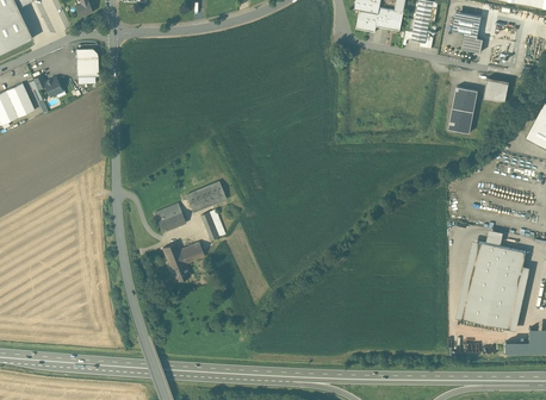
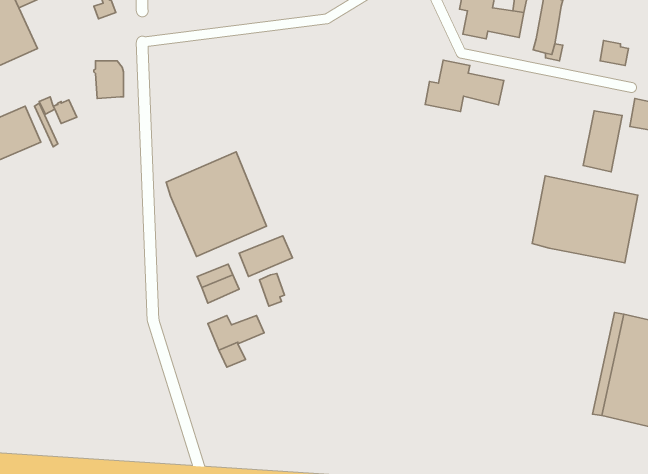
building: [452,11,482,36] -> none
building: none -> [425,60,504,112]
building: none -> [166,152,267,256]
building: none -> [532,176,638,263]

